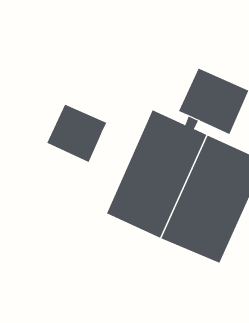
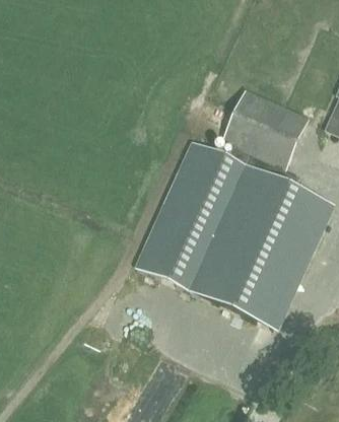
building: [47,104,107,163] -> none

